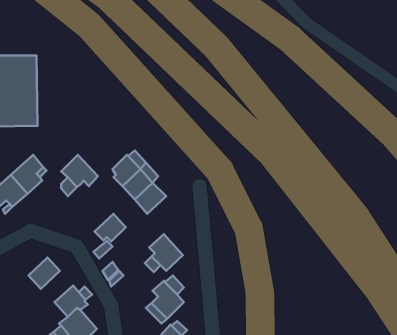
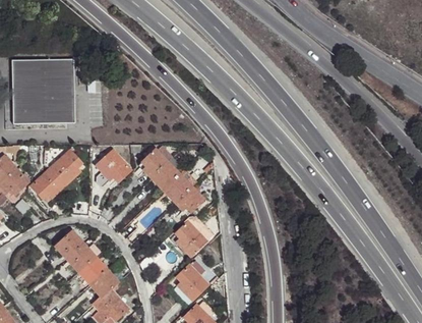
building: [95,214,126,242] -> [174,186,202,212]
building: none -> [55,230,83,259]
building: none -> [77,255,107,283]

